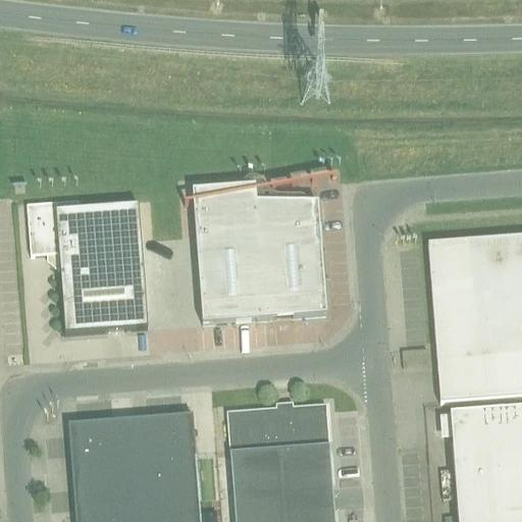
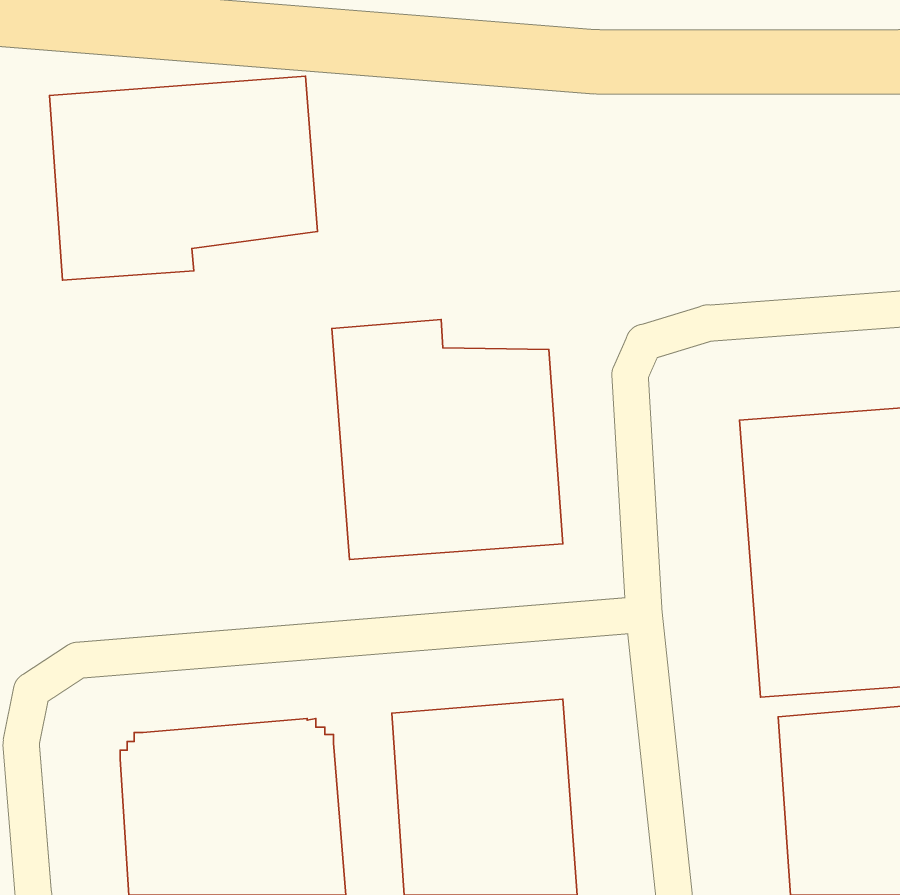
building: none -> [49,76,318,280]
building: [28,201,148,333] -> none

